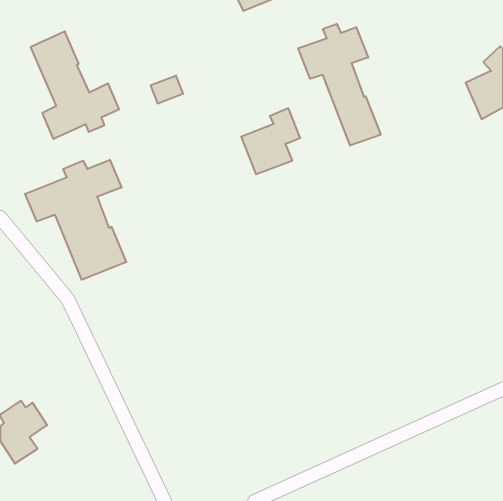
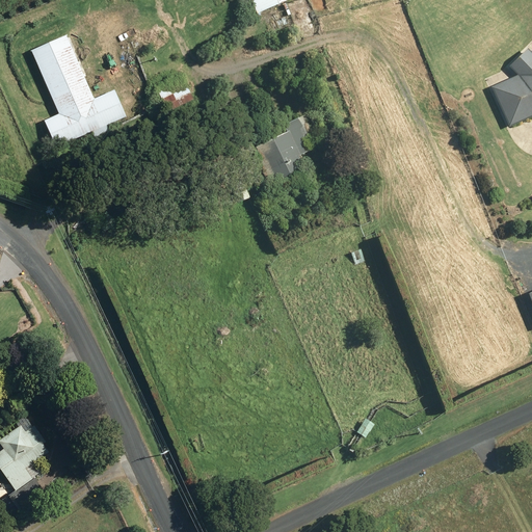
building: [298,24,381,146] -> none
building: [25,160,126,280] -> none

